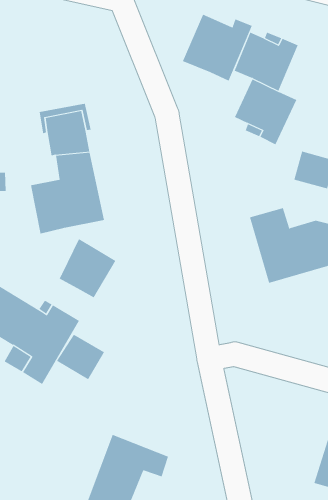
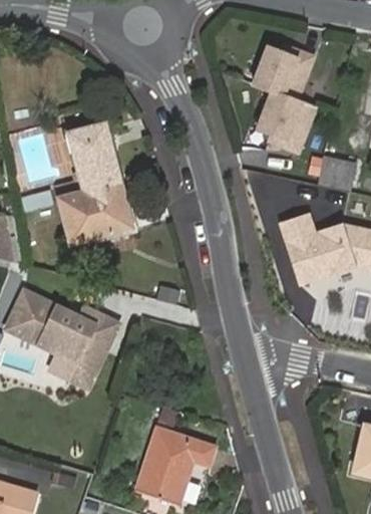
building: [182,14,253,81] -> none
building: [59,238,116,298] -> none
building: [56,334,105,380] -> none

